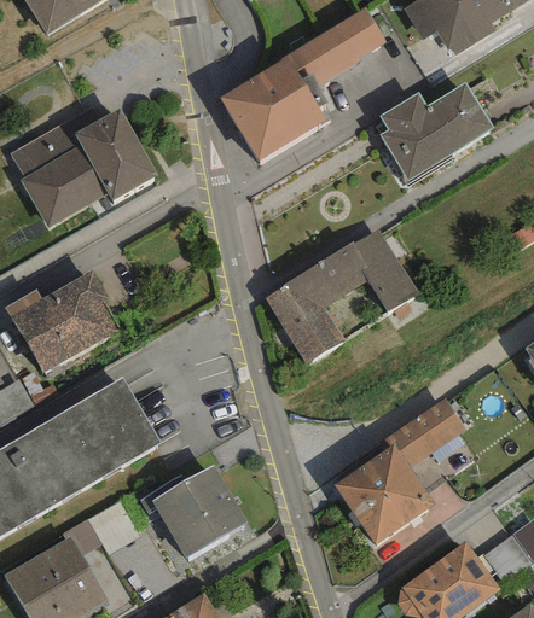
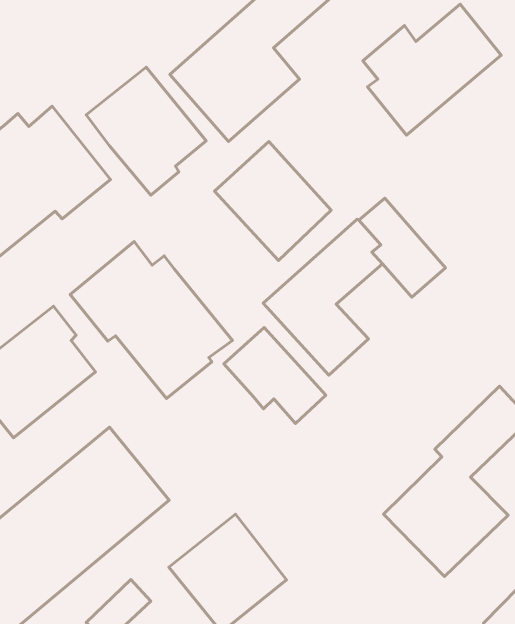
building: none -> [86,67,206,195]
building: none -> [215,142,331,260]
building: none -> [70,241,232,398]
building: none -> [224,327,326,423]

